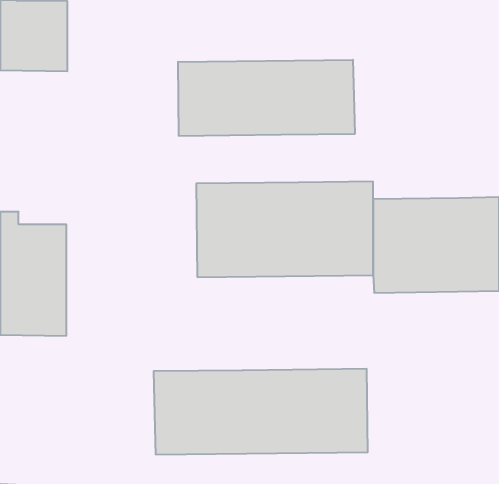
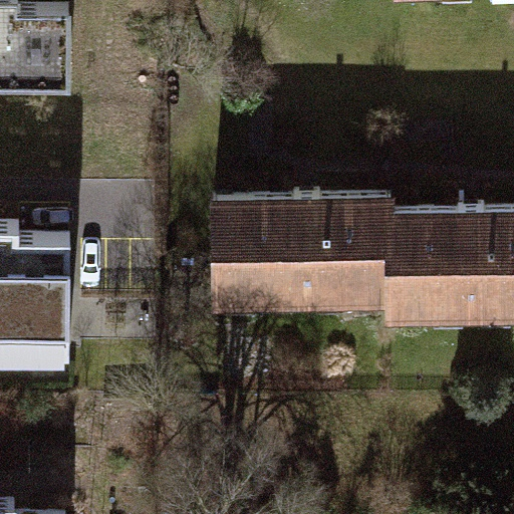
building: [178,60,355,136] -> none
building: [154,369,368,455] -> none

